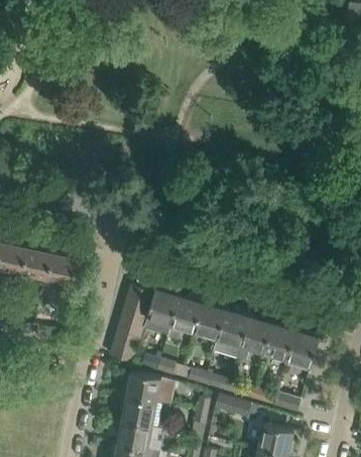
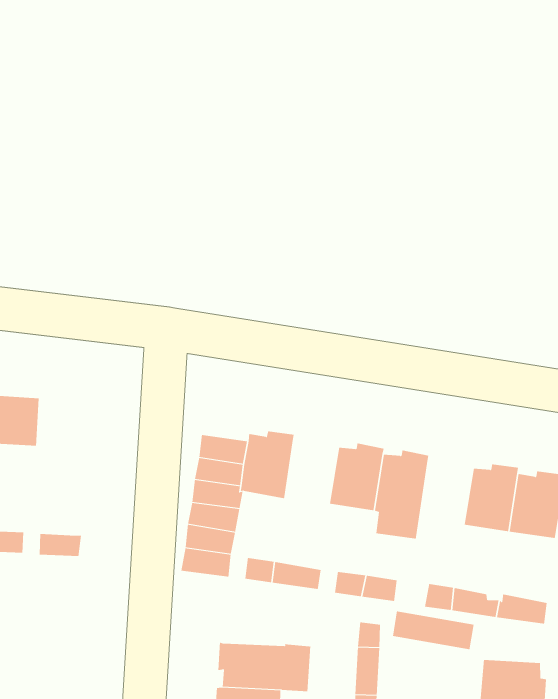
building: [42,253,74,284] -> none
building: [167,295,203,339] -> none
building: [236,315,272,360] -> none
building: [125,371,175,405] -> none

